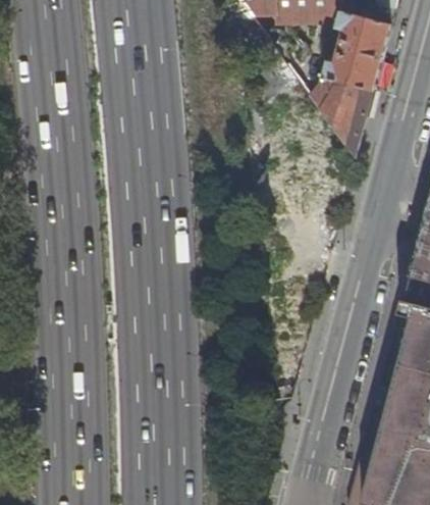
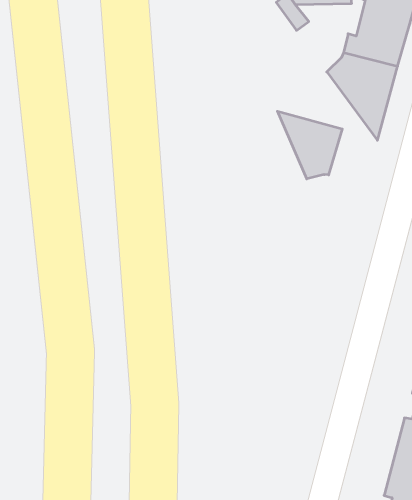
building: none -> [277,111,342,179]

